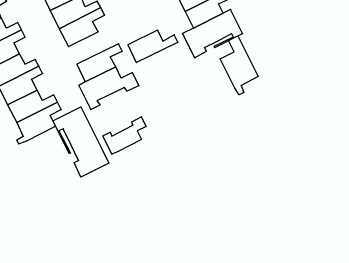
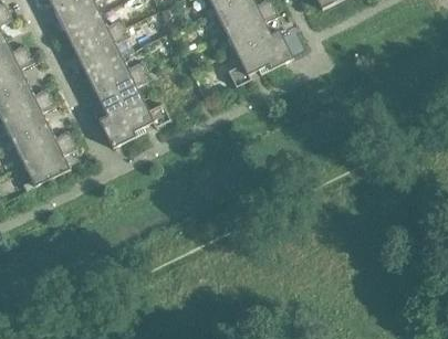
building: [128,30,178,63] -> [85,55,145,94]
building: [220,36,258,95] -> none
building: [53,107,109,177] -> none
building: [103,117,146,154] -> none

